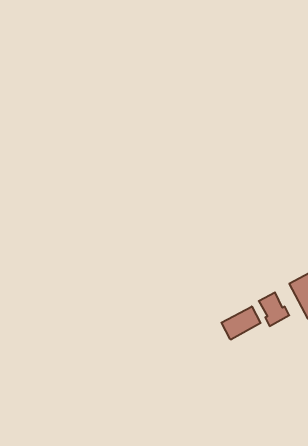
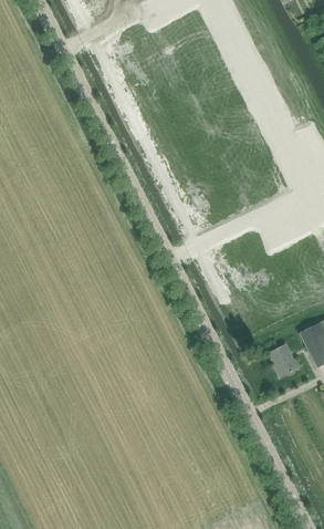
building: [221,306,261,340] -> none

